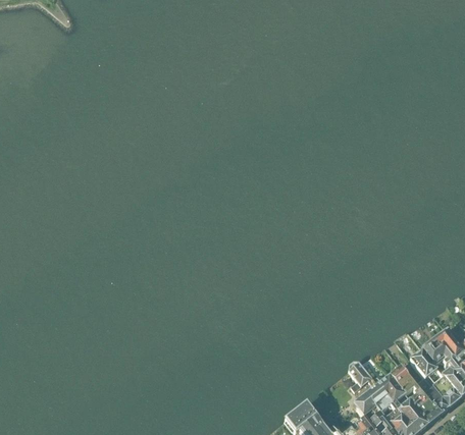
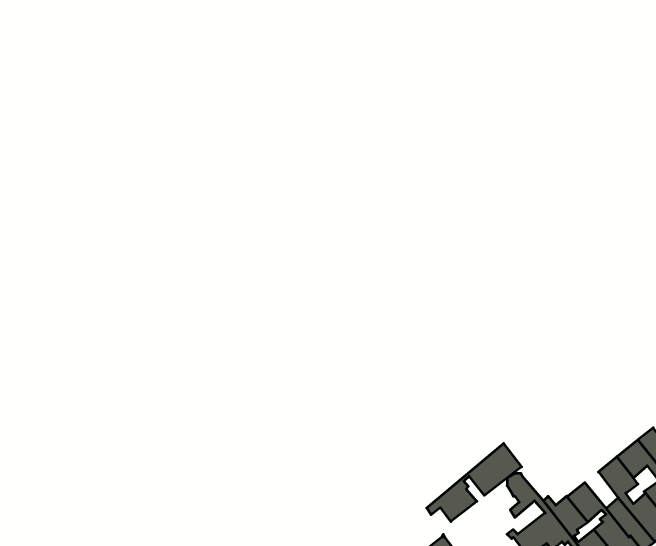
building: none -> [427,443,522,522]

